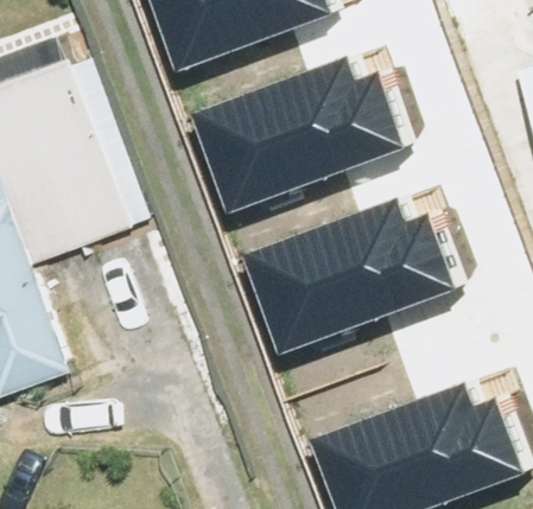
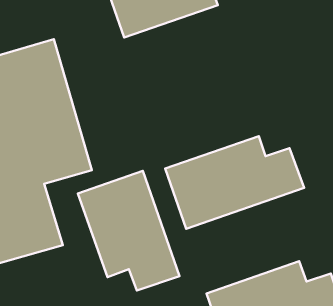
building: [197,57,400,193] -> none
building: none -> [78,171,180,291]

